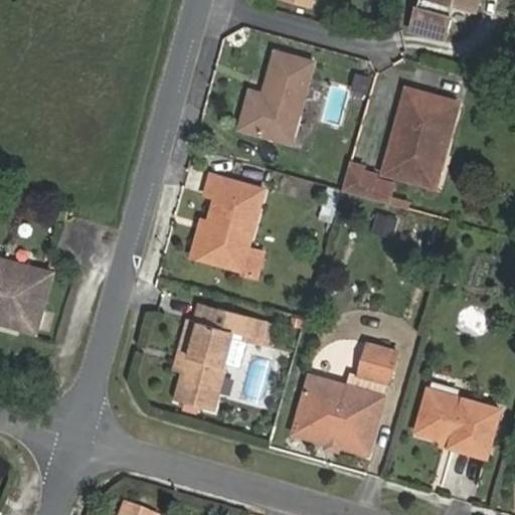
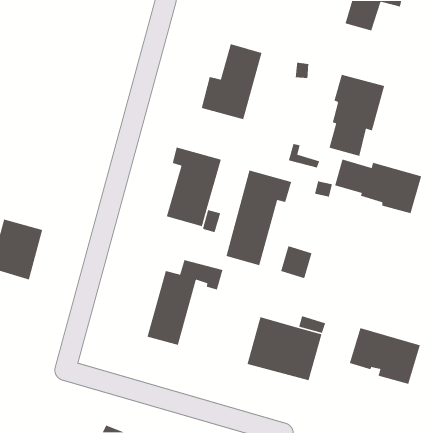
building: none -> [334,158,422,214]
building: none -> [225,170,292,266]
building: [358,343,396,383] -> [280,245,312,279]

